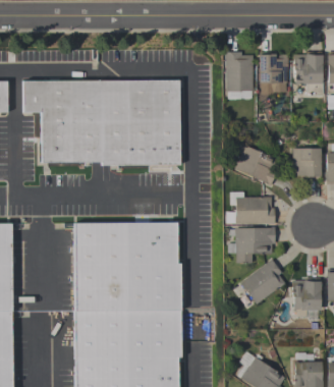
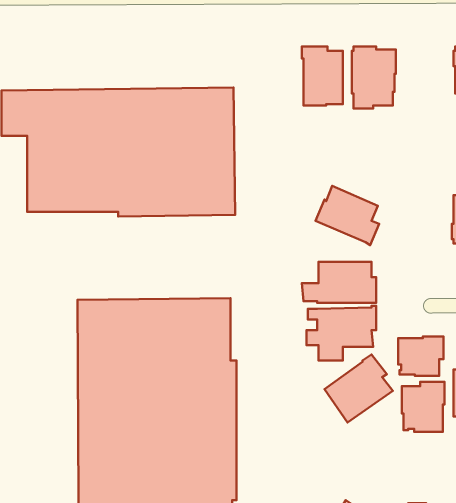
building: [292,52,321,96] -> none
building: [291,149,319,180] -> none
building: none -> [398,337,443,376]

